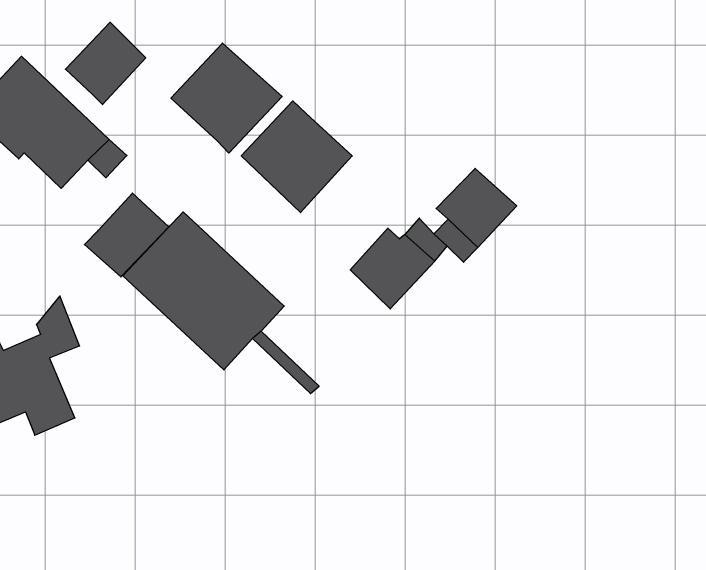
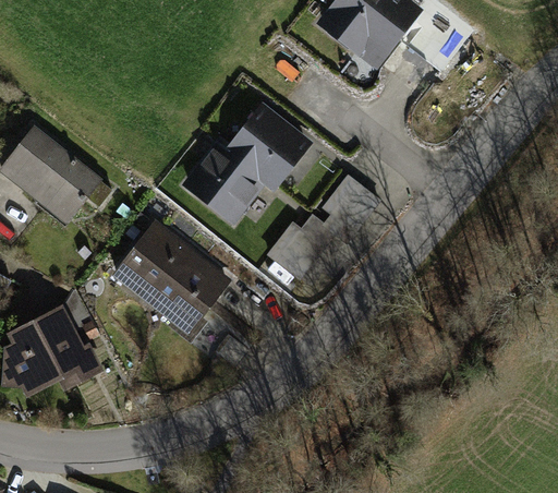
building: [65,22,146,105] -> none
building: [171,43,282,153] -> [230,110,305,184]
building: [84,193,169,277] -> none

